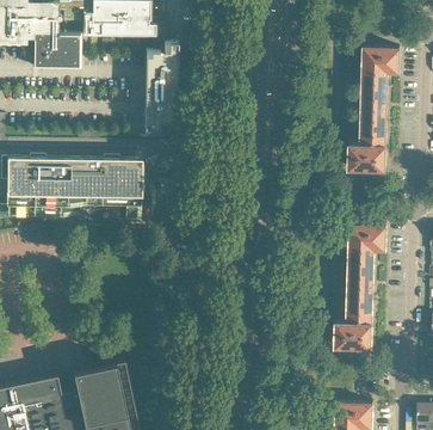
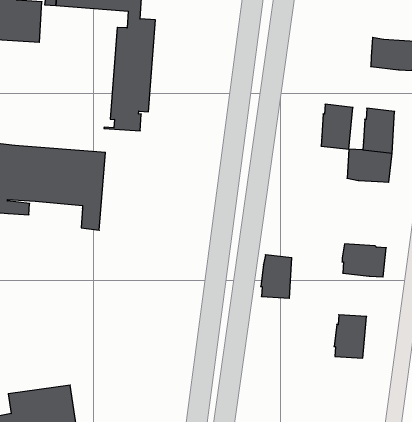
building: [363,70,388,107] -> [321,104,353,149]
building: [348,248,373,284] -> [261,255,292,298]
building: [335,320,373,346] -> none

